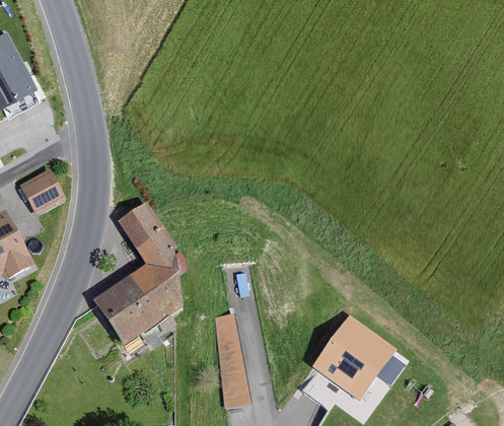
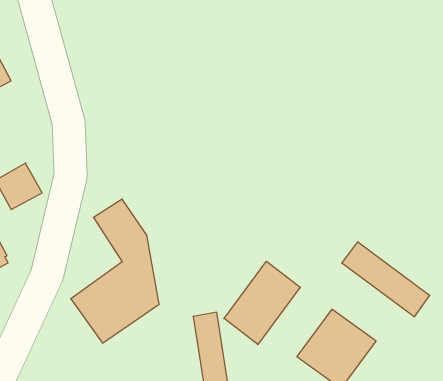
building: none -> [342,242,430,317]
building: none -> [224,261,300,345]

